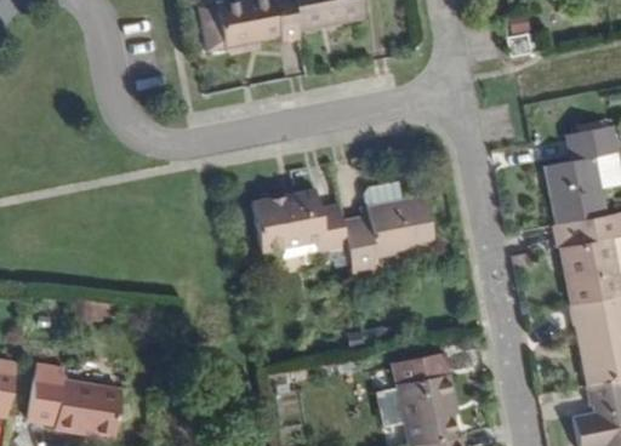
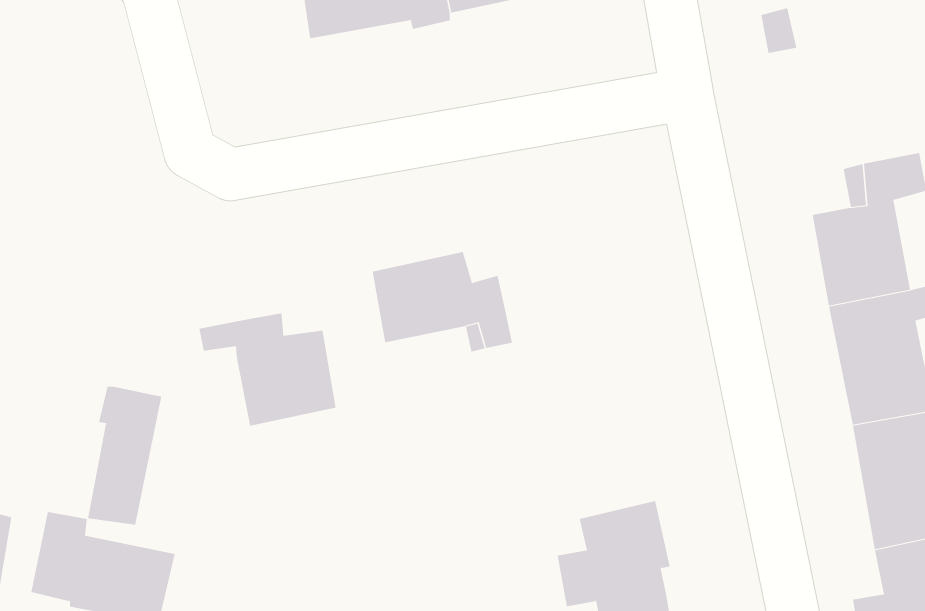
building: [342,185,432,275] -> none
building: none -> [199,313,336,427]
building: none -> [88,386,162,526]

